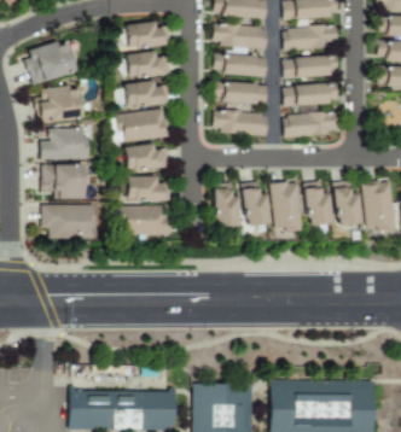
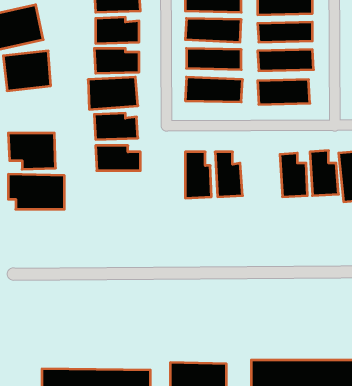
building: [41,127,91,159] -> none
building: [272,182,302,230] -> none
building: [122,205,170,235] -> none

